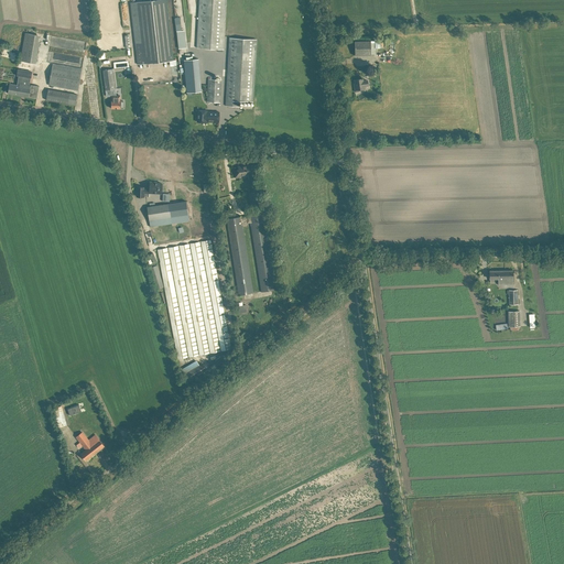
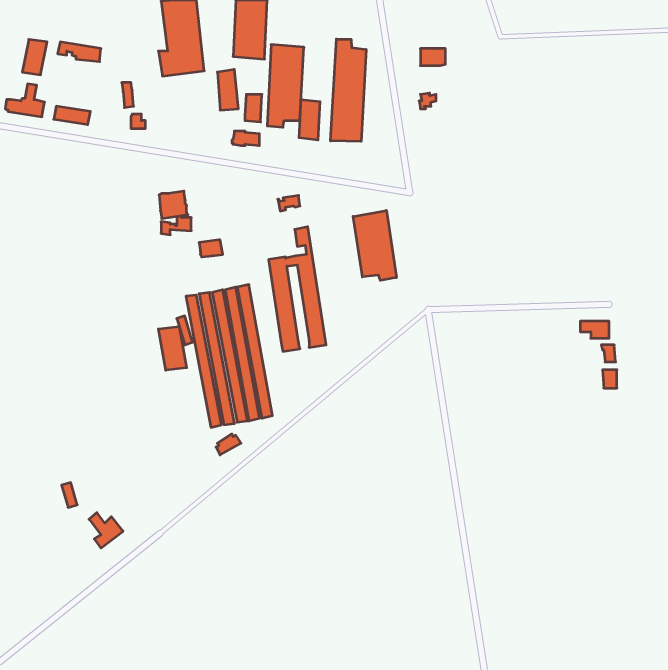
building: none -> [331,39,366,141]
building: [48,64,80,90] -> none
building: none -> [299,99,320,140]
building: none -> [353,210,396,280]
building: [147,204,171,227] -> [159,191,188,219]
building: none -> [158,327,187,370]

